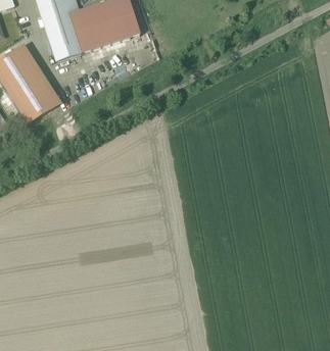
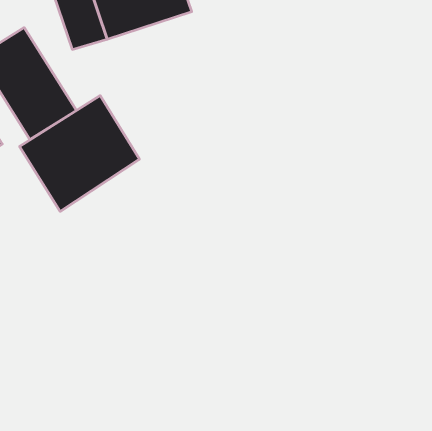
building: none -> [20,96,139,211]

